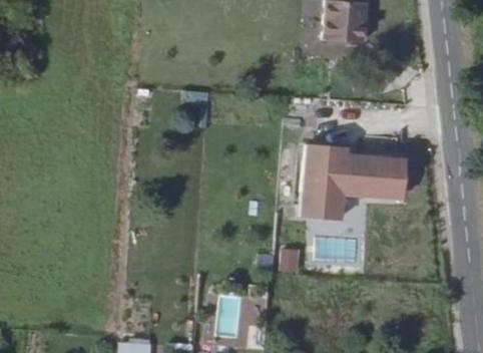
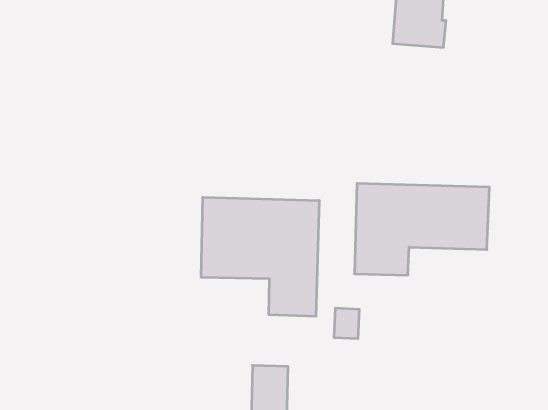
building: none -> [201,197,319,316]

